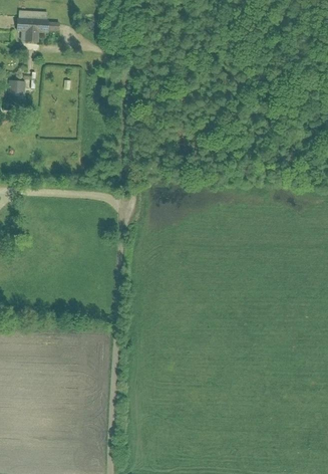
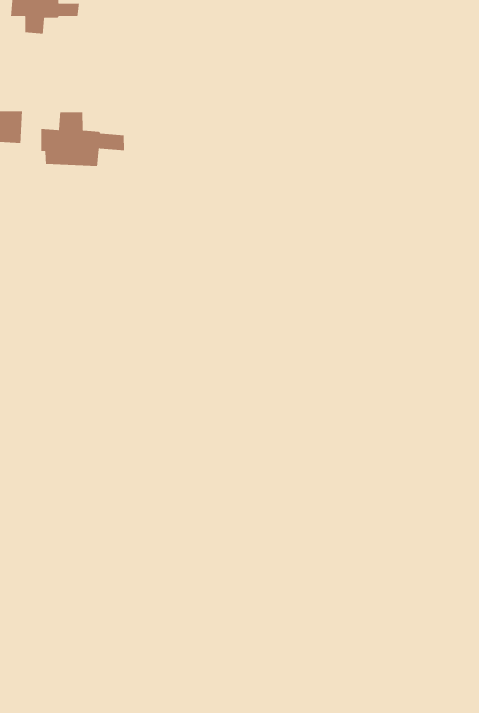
building: none -> [40,112,125,167]

